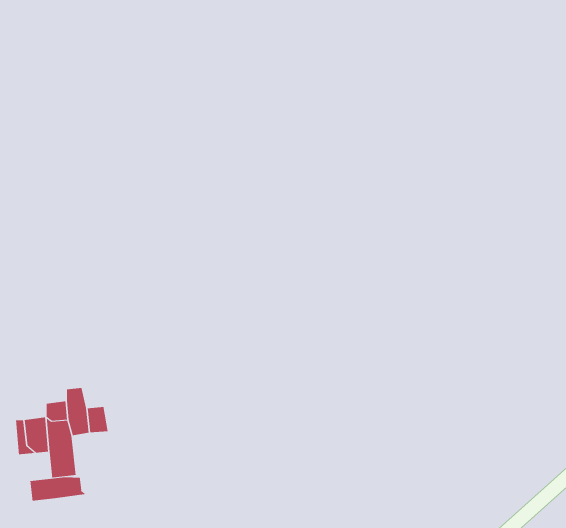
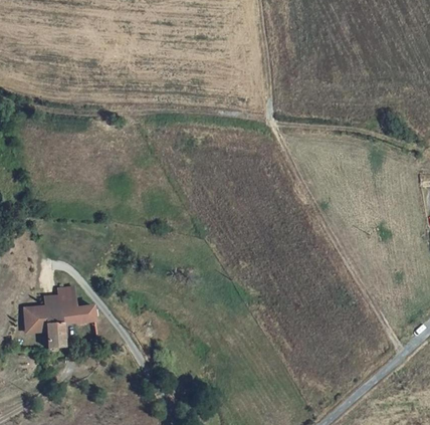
building: [30,477,87,501] -> none

